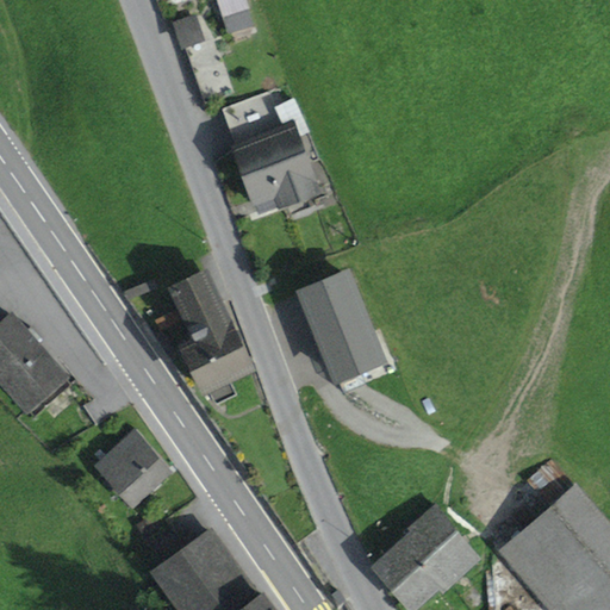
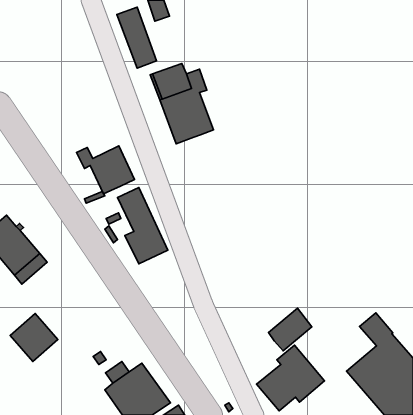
building: none -> [77,146,134,194]
building: [300,275,378,375] -> none
building: [98,430,168,500] -> [10,314,58,362]
building: none -> [269,308,312,351]

